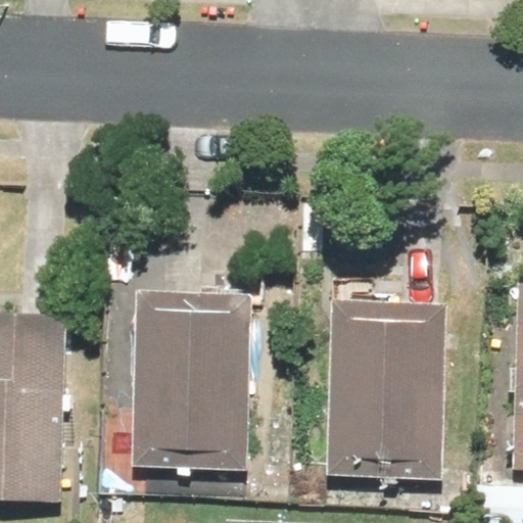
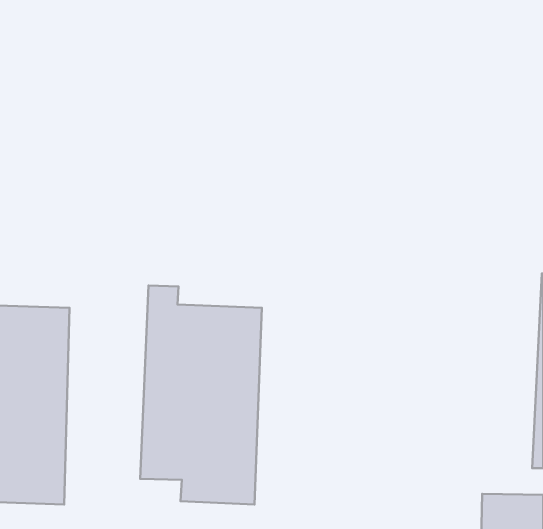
building: [324,297,446,478] -> none

